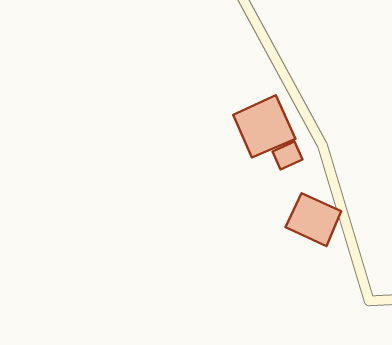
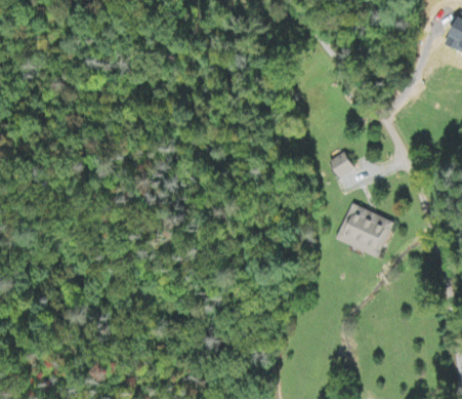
building: [233,95,296,157] -> none

